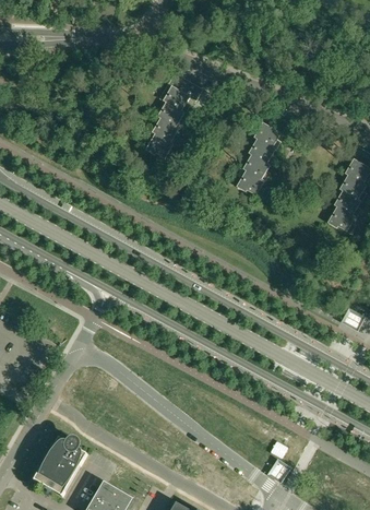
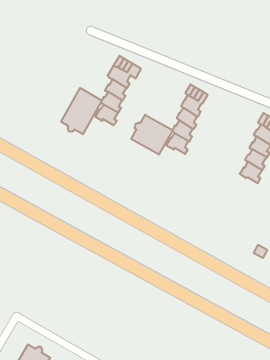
building: none -> [61,88,102,134]
building: none -> [131,115,173,155]

